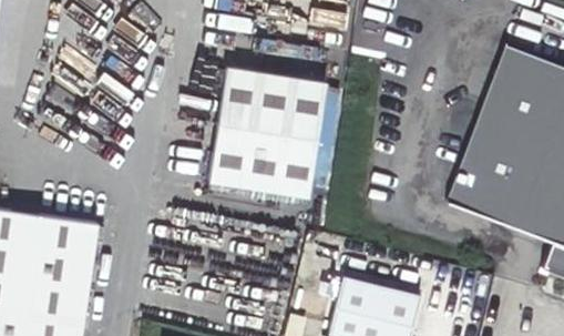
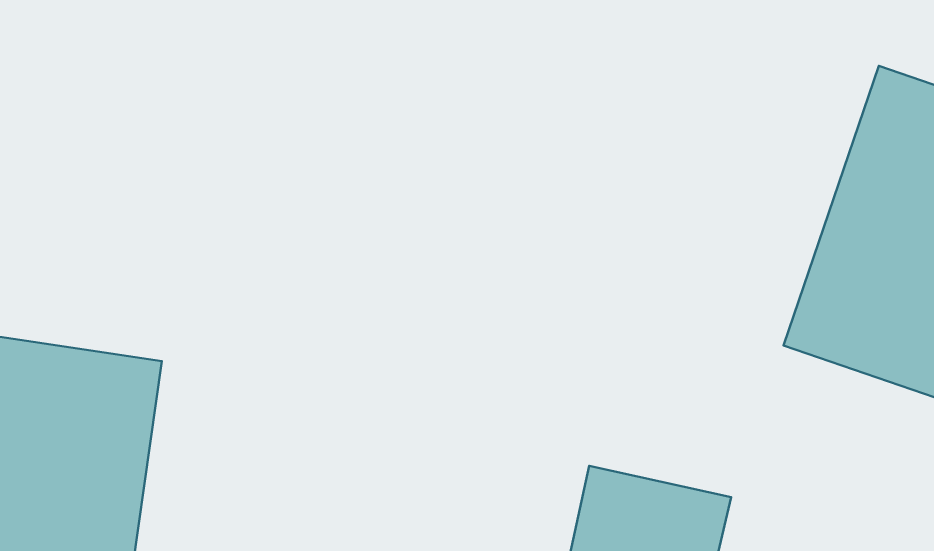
building: [208,72,326,202] -> none

